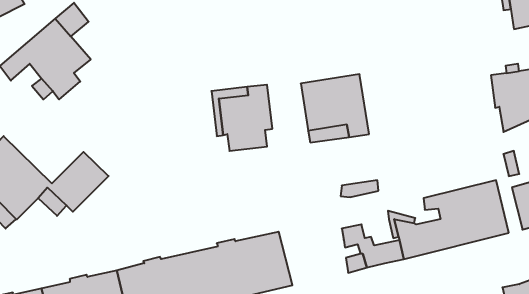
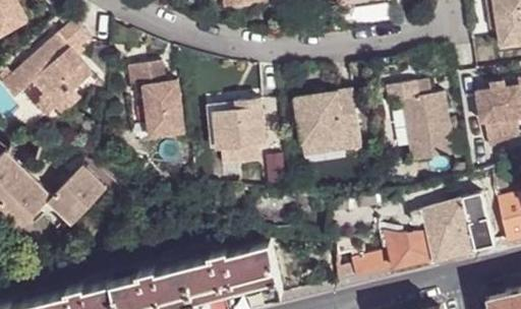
building: none -> [129,61,186,136]
building: none -> [385,81,454,161]

